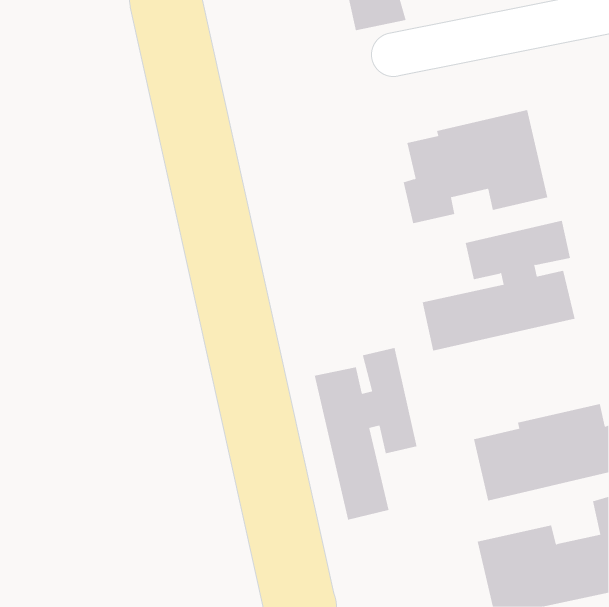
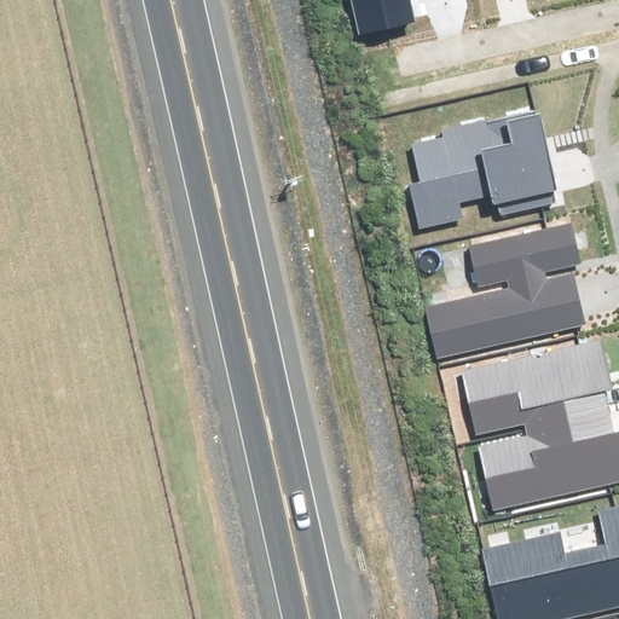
building: none -> [463,339,611,432]
building: [314,347,417,520] -> none

